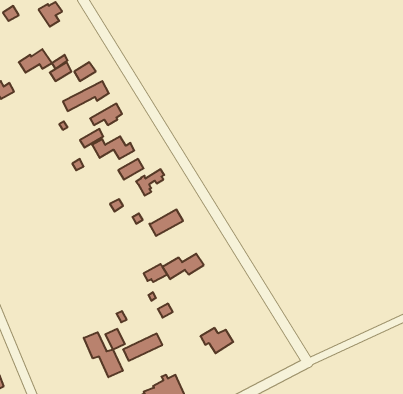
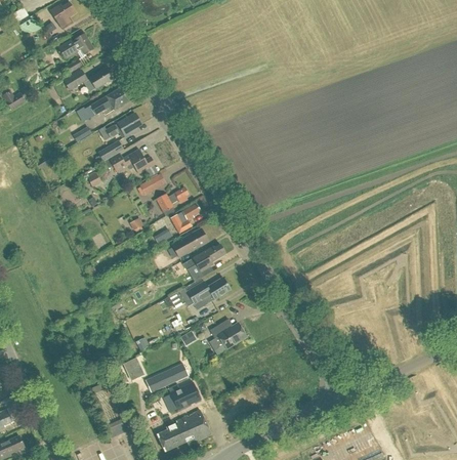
building: [19,49,52,73] -> [58,34,94,59]
building: none -> [170,204,201,234]
building: none -> [182,245,225,278]
building: [200,328,233,353] -> [210,321,246,348]
building: [84,332,123,377] -> none
building: none -> [170,382,201,412]

